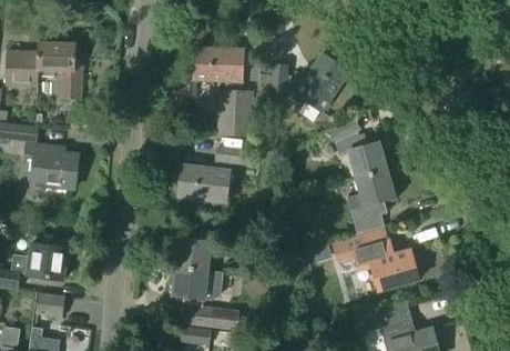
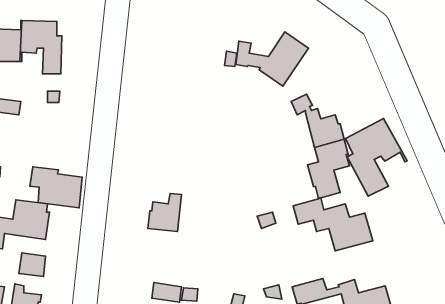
building: [194,47,253,134] -> none
building: [22,143,79,188] -> [30,167,82,208]
building: [178,146,259,200] -> none
building: none -> [346,118,407,196]
building: [173,265,238,329] -> none

